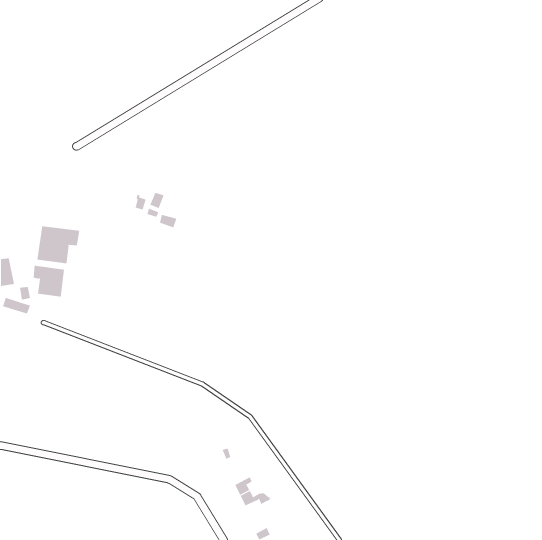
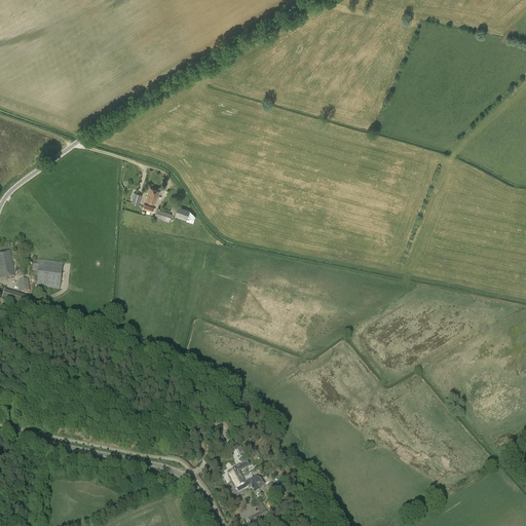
building: [37,226,80,264] -> none

